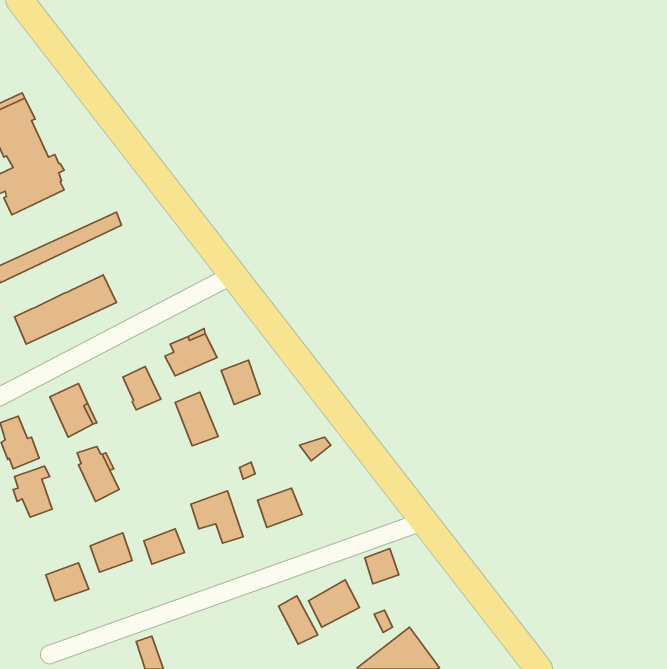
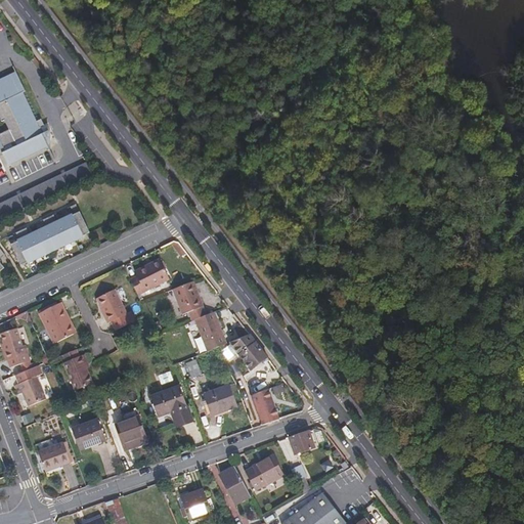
building: [175,392,218,446] -> [196,314,230,356]
building: none -> [244,348,271,376]
building: none -> [252,387,277,423]
building: none -> [179,487,210,519]

